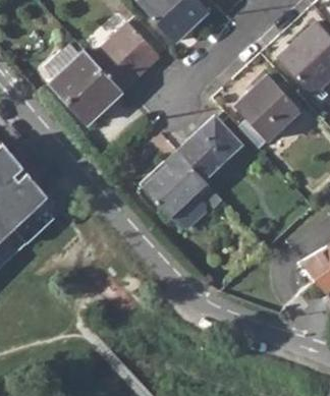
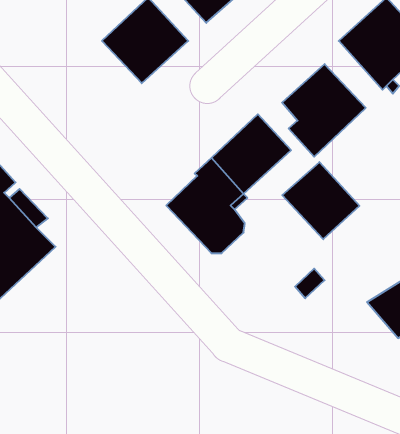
building: [43,43,122,123] -> none
building: none -> [282,162,359,239]

